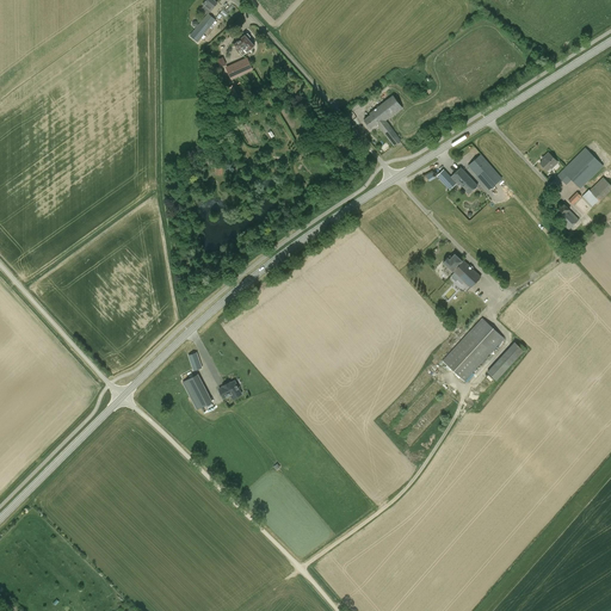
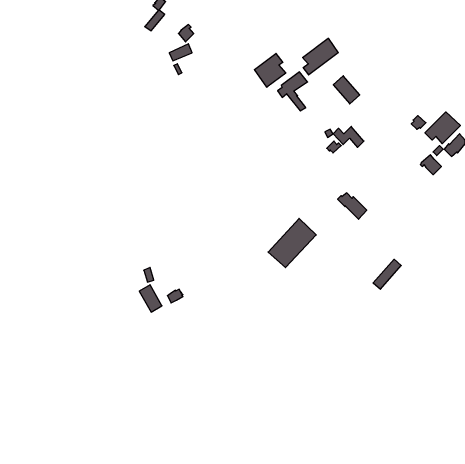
building: none -> [303,38,338,75]
building: none -> [254,53,286,87]
building: [468,153,502,190] -> [333,76,360,104]
building: [442,316,505,381] -> [268,218,316,268]

